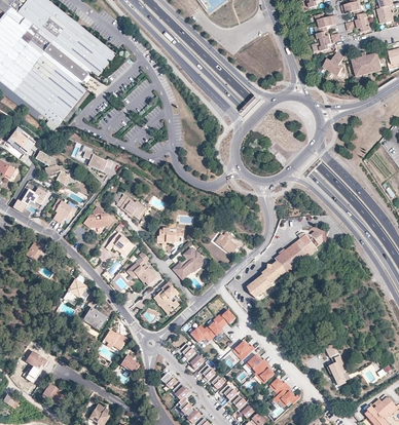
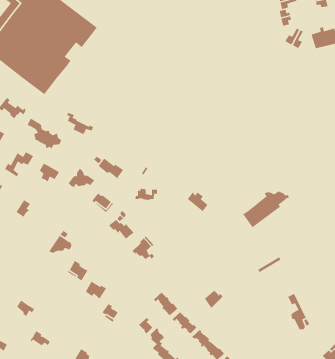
building: [172,246,204,277] -> none
building: [246,260,285,297] -> none
building: [190,308,235,342] -> none
building: [245,353,274,383] -> none
building: [268,377,299,407] -> none

